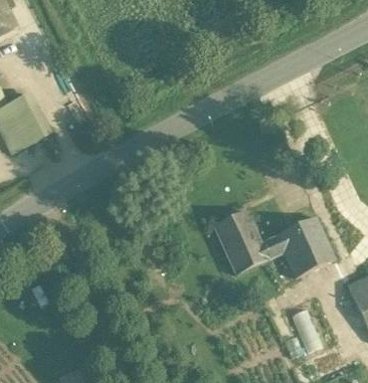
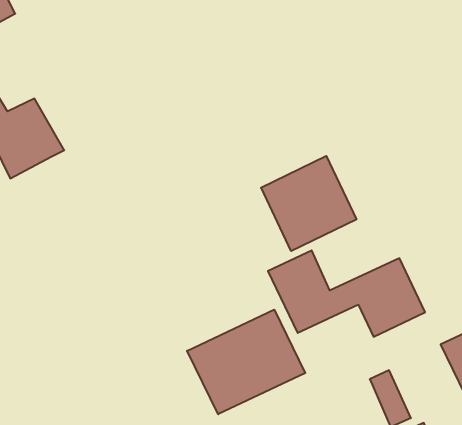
building: none -> [261,156,356,251]
building: none -> [187,310,305,414]

